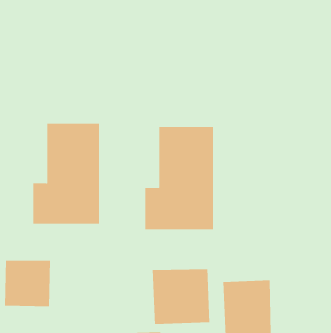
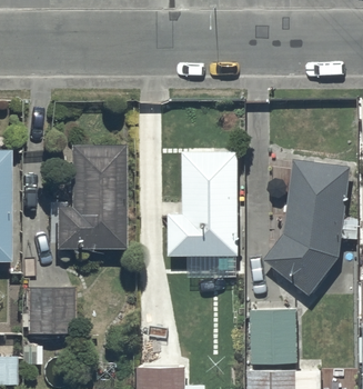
building: none -> [263,156,352,295]
building: [152,268,210,325] -> none

